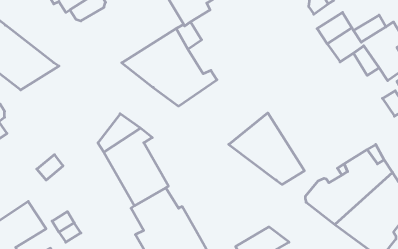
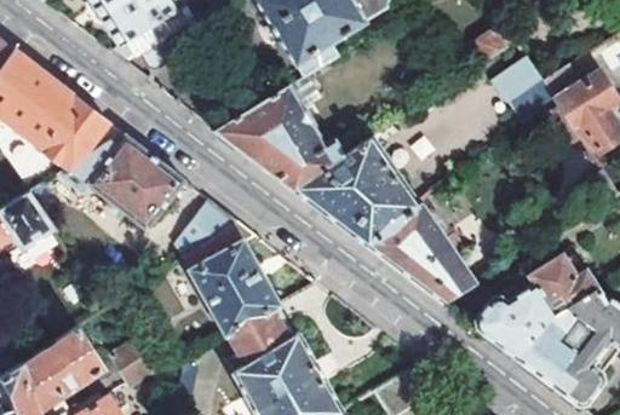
building: none -> [69,134,185,229]
building: none -> [294,134,421,246]

